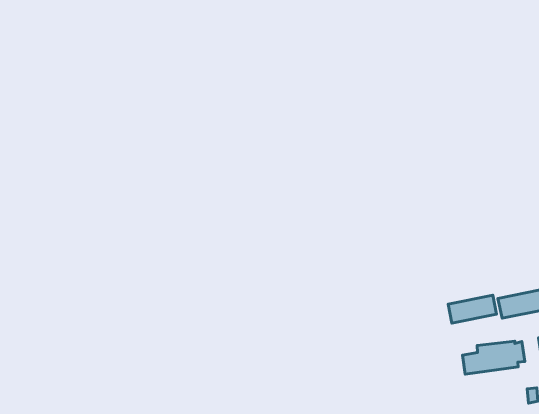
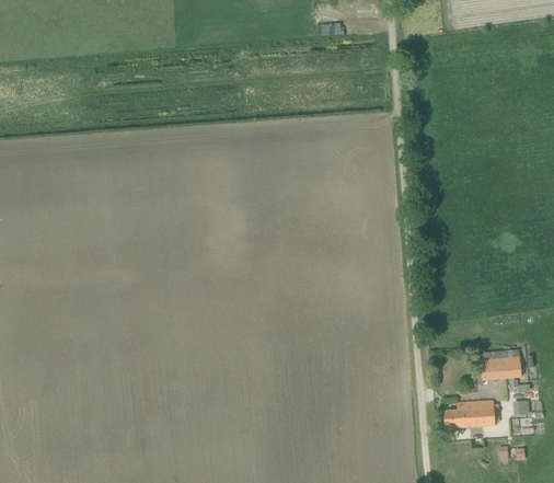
building: [448,295,496,323] -> none

